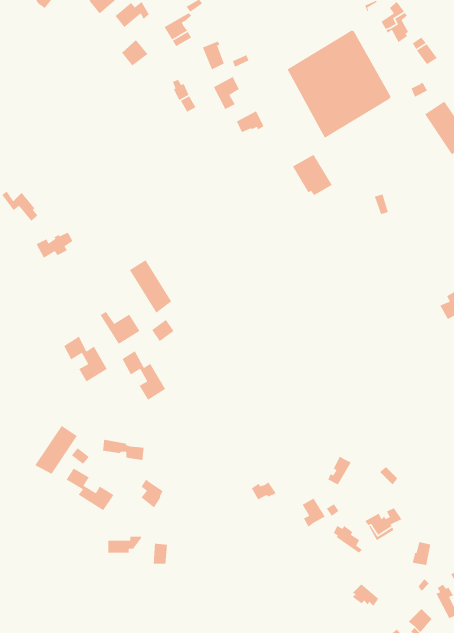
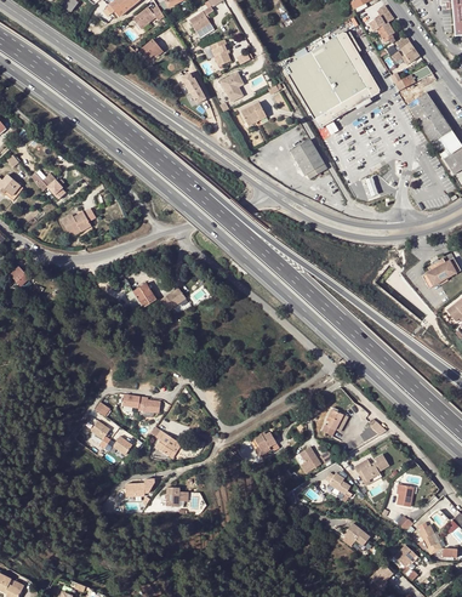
building: [129,259,172,314] -> none
building: [63,336,108,382] -> none
building: [122,350,166,401] -> none
building: [34,425,78,475] -> none

